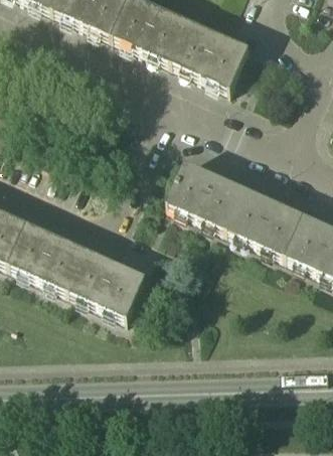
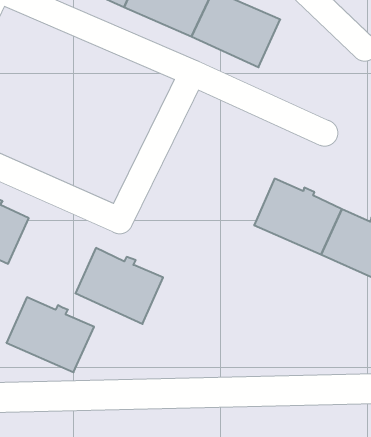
building: [166,160,243,229] -> none
building: [8,222,86,289] -> [6,297,94,372]

